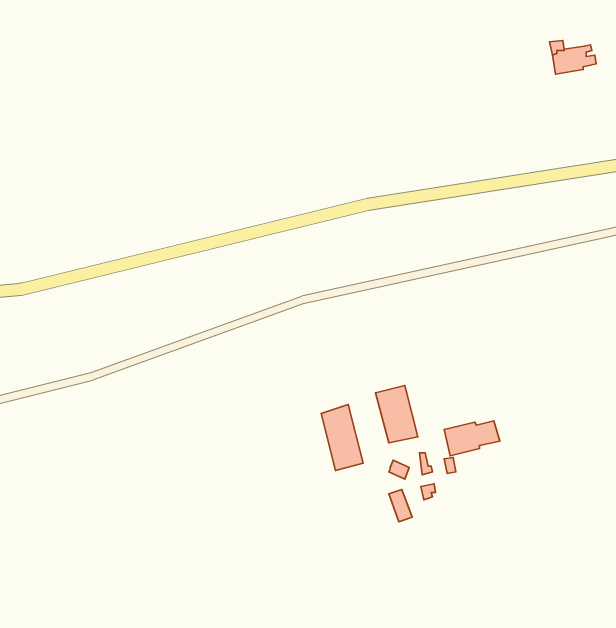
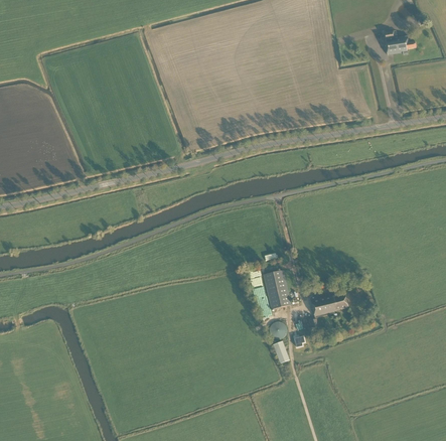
building: [321,405,363,471] -> none

